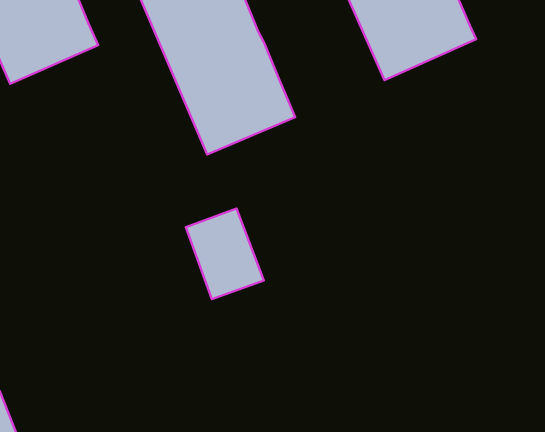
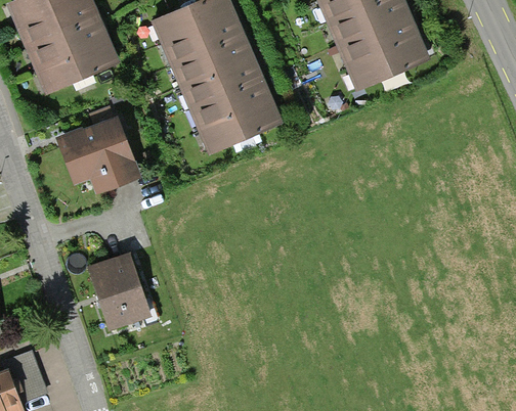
building: none -> [56,117,142,196]
building: [186,208,264,299] -> [90,244,155,319]

